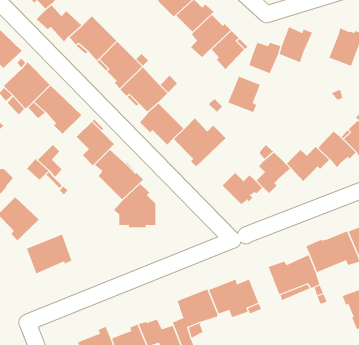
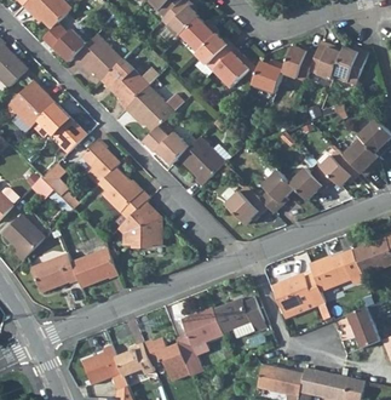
building: none -> [307,41,341,79]
building: [227,76,261,113] -> none
building: none -> [70,247,117,287]

